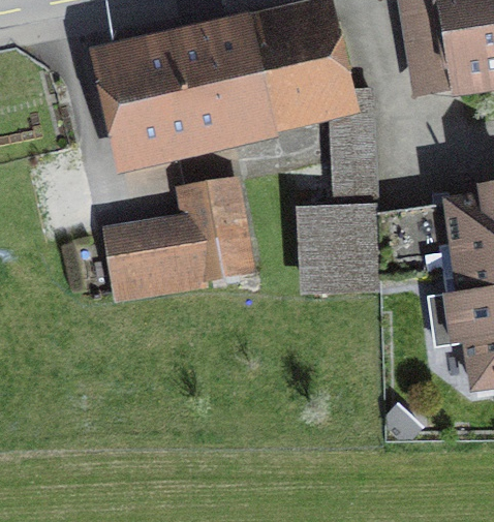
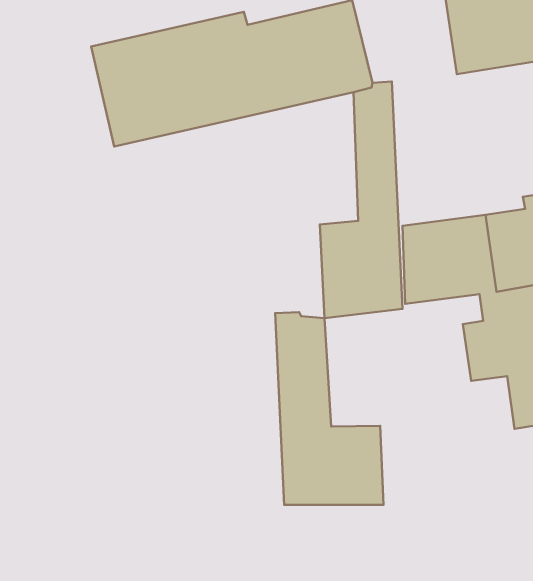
building: [107,187,245,295] -> none
building: none -> [275,312,383,505]

